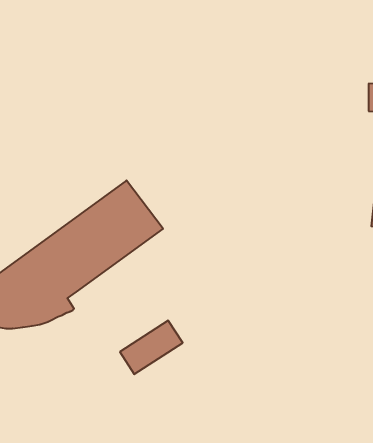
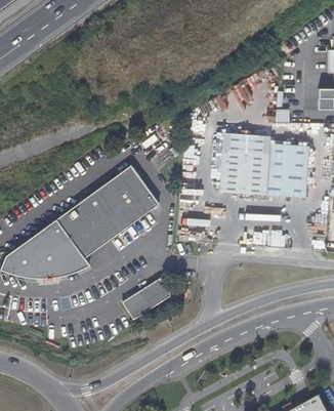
building: none -> [220,123,312,199]

